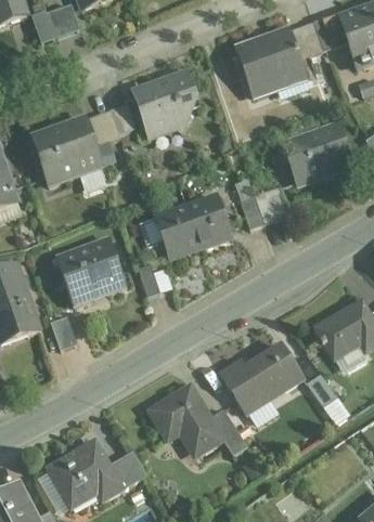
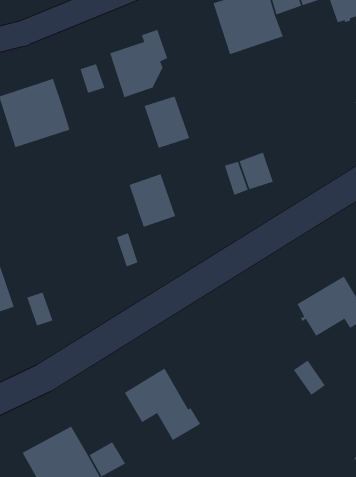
building: [82,105,117,142] -> none
building: [282,118,349,177] -> none
building: [185,195,230,246] -> [143,95,190,149]
building: [53,238,125,306] -> none
building: [227,351,309,417] -> none
building: [207,412,247,459] -> none

